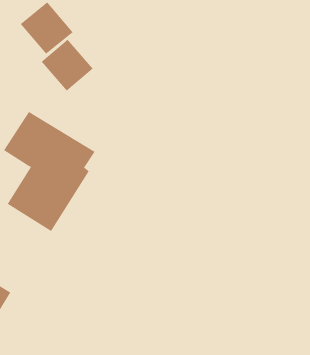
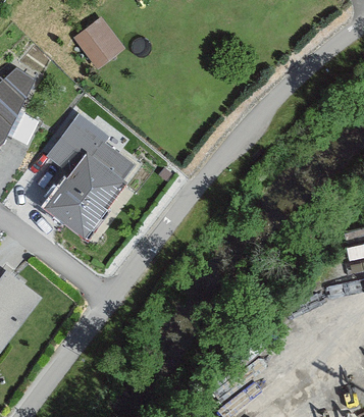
building: [41,39,94,91] -> none

